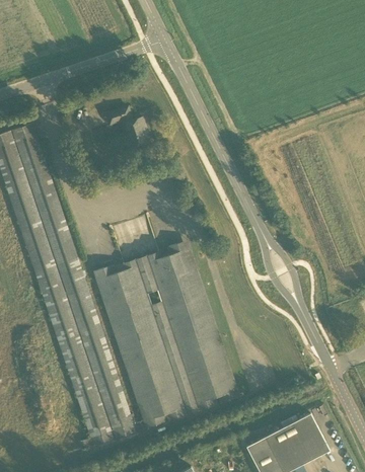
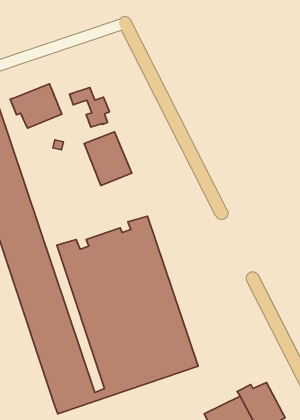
building: none -> [10,84,62,128]
building: none -> [84,132,132,185]

